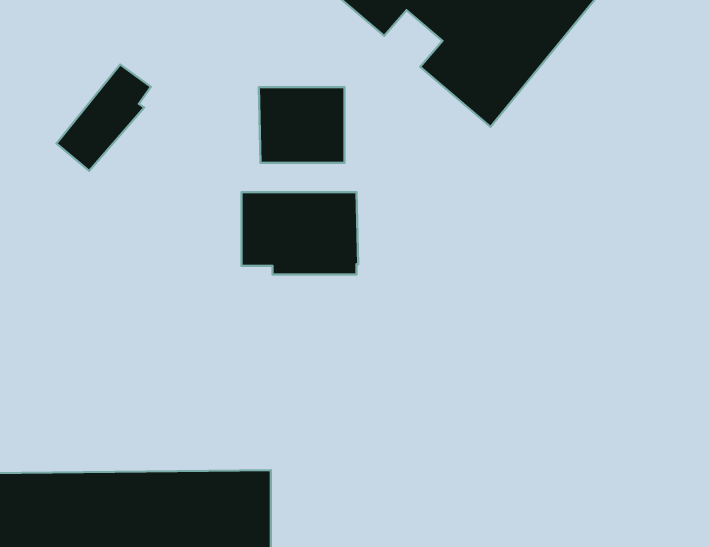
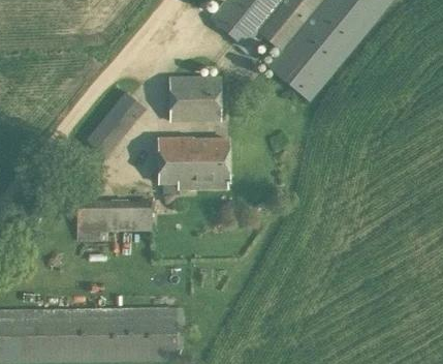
building: [57,64,151,171] -> [86,92,143,156]
building: none -> [75,201,151,241]

